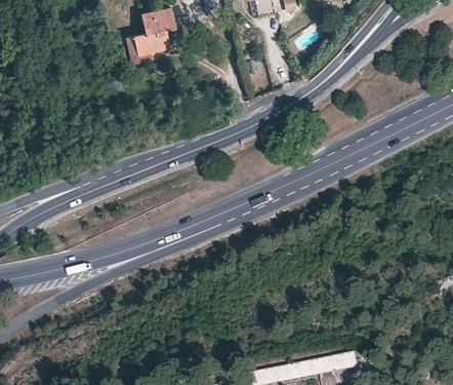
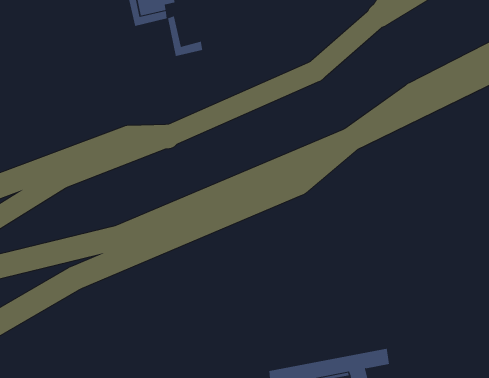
building: none -> [168,15,203,57]

